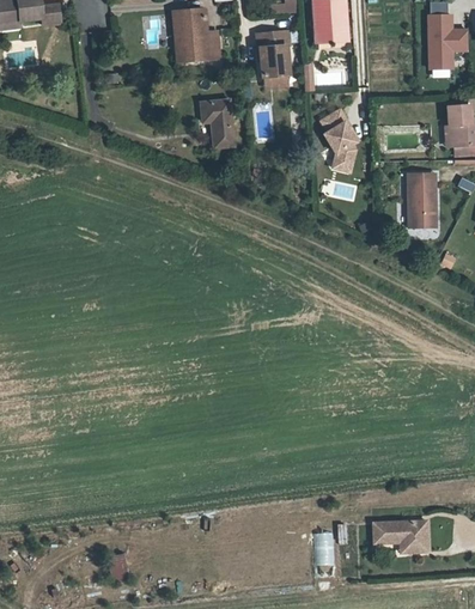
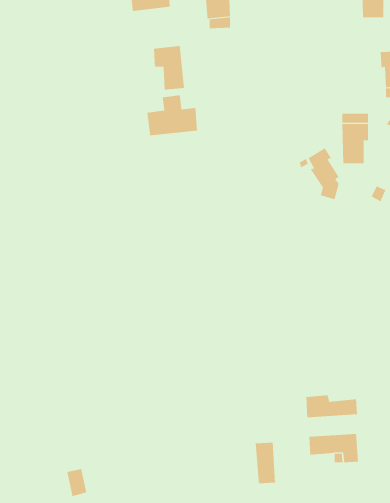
building: [322,109,357,166] -> [308,147,340,200]
building: none -> [147,94,198,136]
building: none -> [306,394,358,418]

